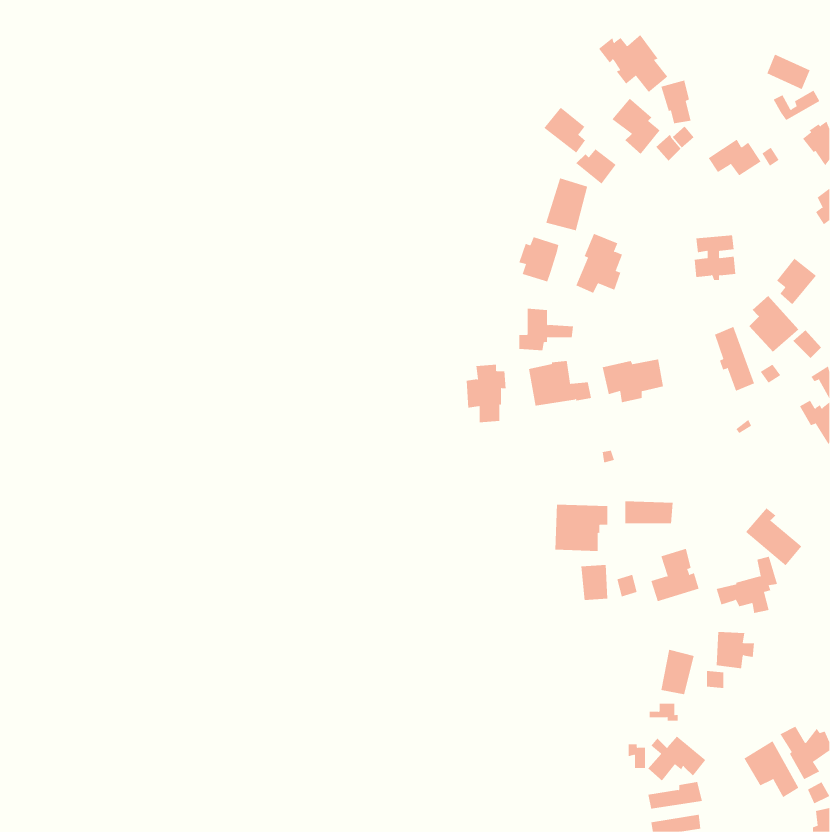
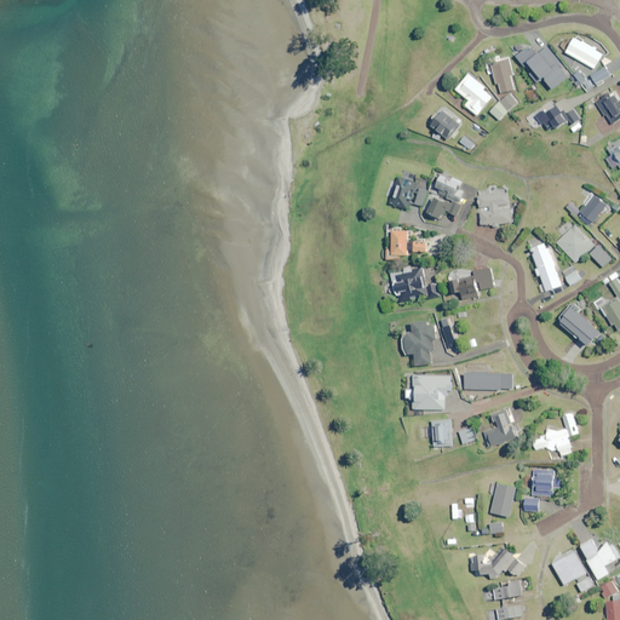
building: [598,34,668,93] -> [515,45,567,88]
building: [543,107,586,154] -> none
building: [546,177,588,231] -> none
building: [694,235,736,281] -> [478,193,510,226]
building: [466,364,507,423] -> [404,321,435,364]
building: [745,507,802,566] -> [558,302,601,345]

